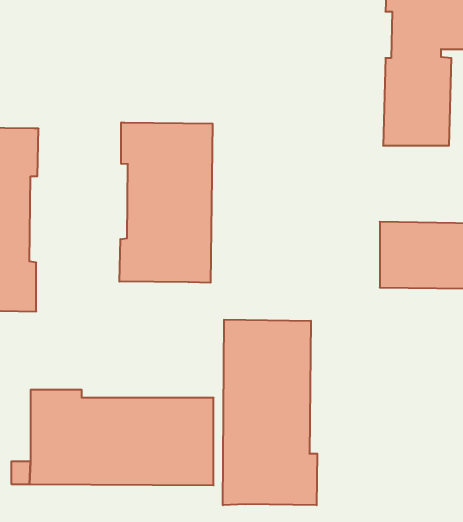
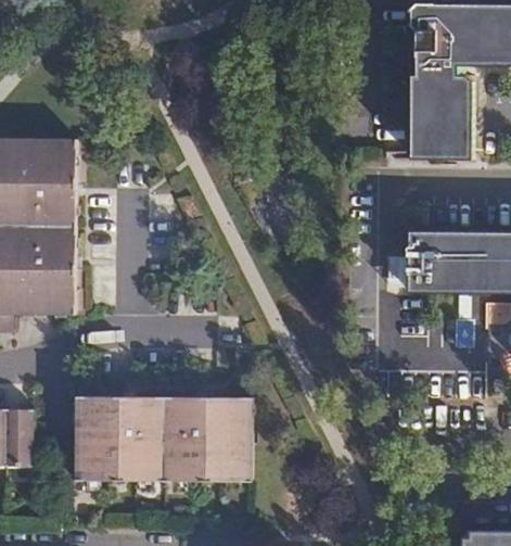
building: [119,122,213,283] -> none
building: [223,320,317,505] -> none

